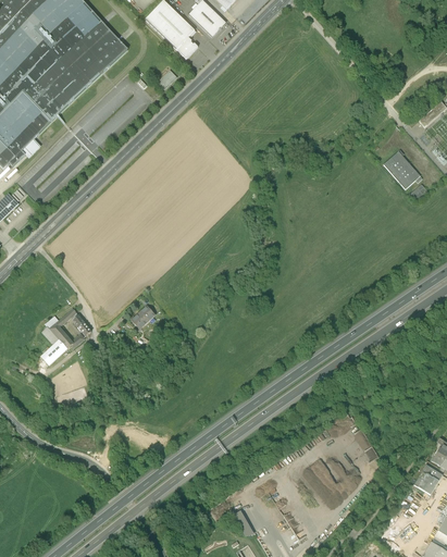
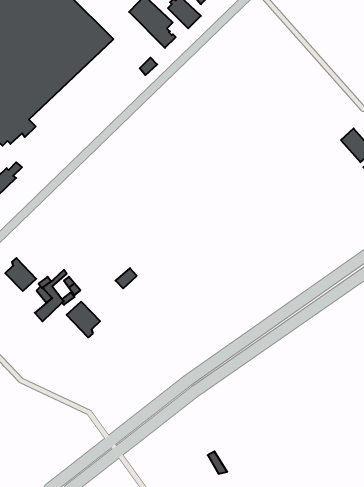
building: none -> [5,258,36,291]
building: none -> [67,302,100,337]

